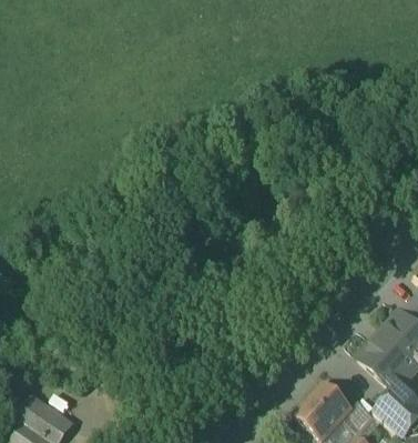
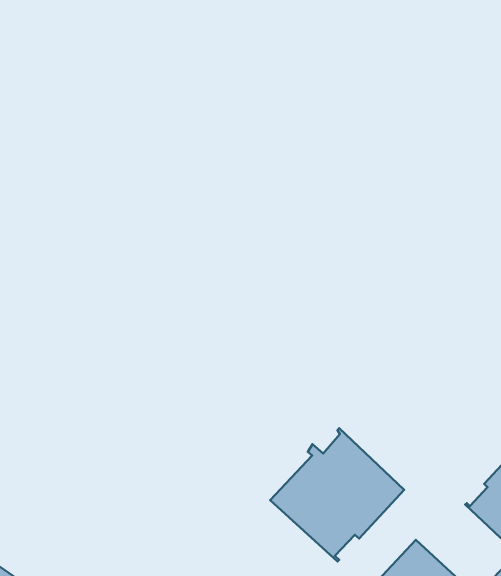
building: none -> [270,428,404,562]

